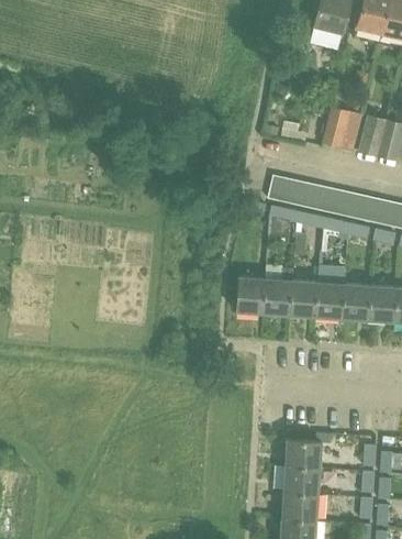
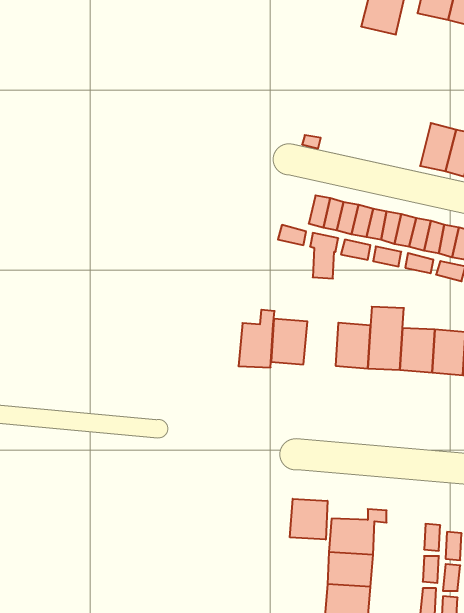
building: [322,107,361,148] -> none
building: [264,267,293,315] -> [238,310,275,367]
building: none -> [290,499,327,540]

